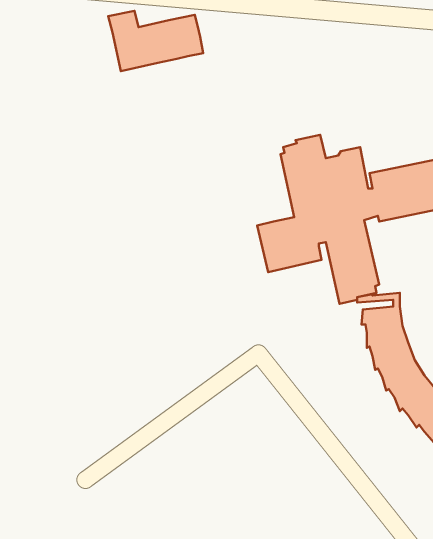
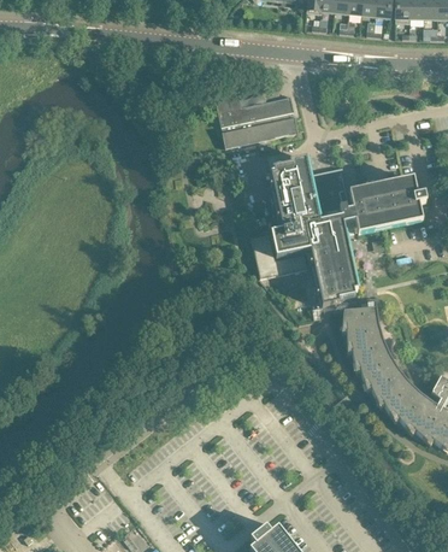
building: [108,11,203,71] -> [214,93,297,146]

